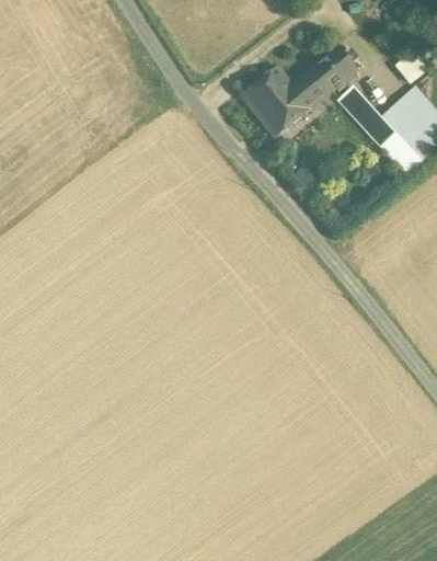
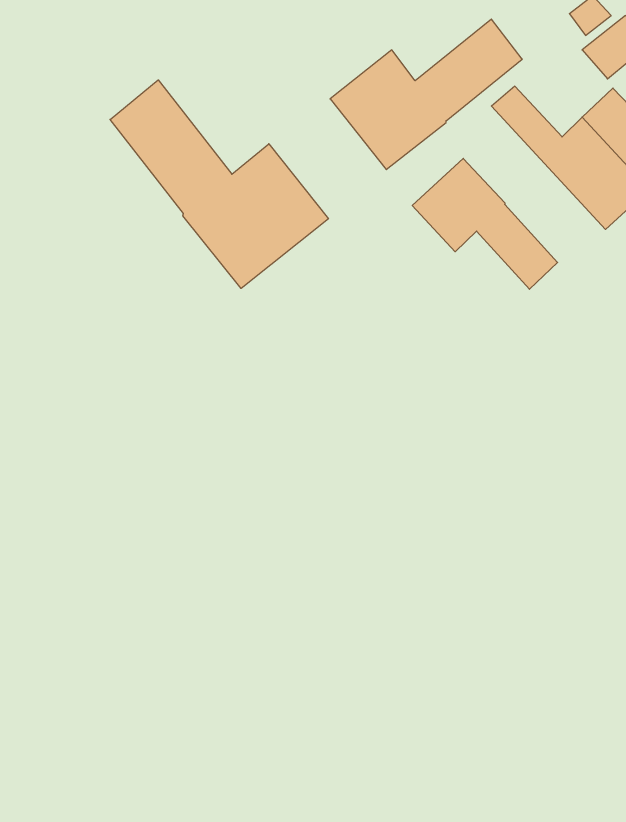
building: none -> [110,80,328,288]
building: none -> [412,158,558,289]

